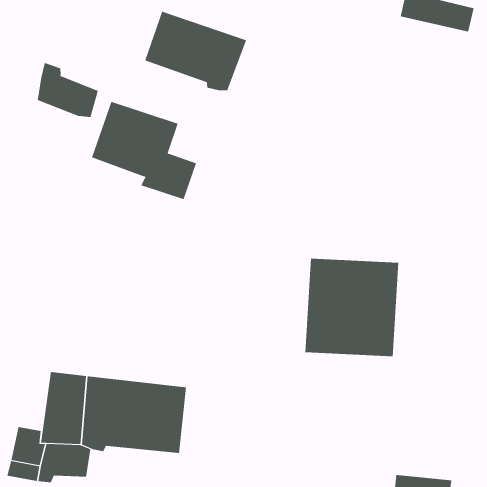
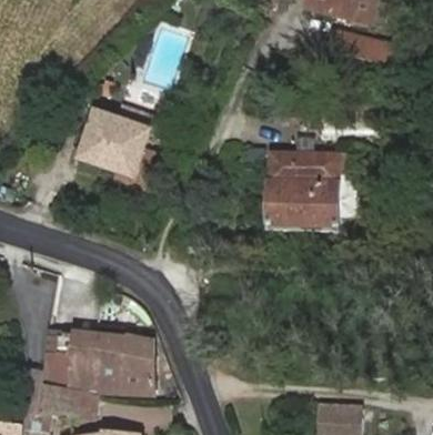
building: [144,11,247,91] -> none
building: [37,62,98,118] -> none
building: [305,258,399,357] -> [266,151,341,229]

